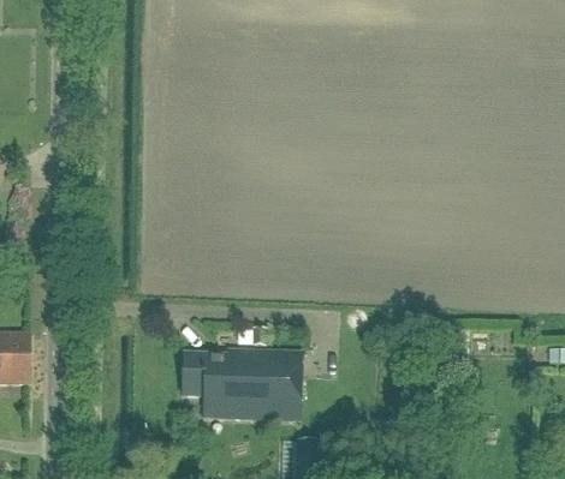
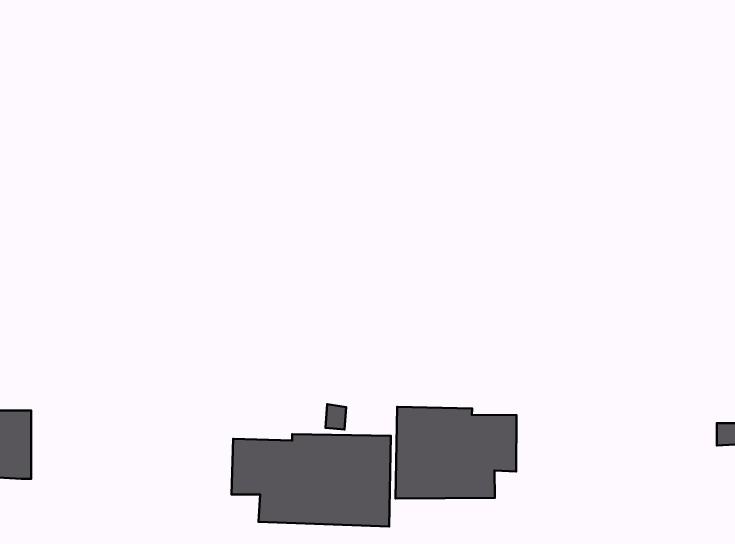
building: none -> [396,407,517,499]

